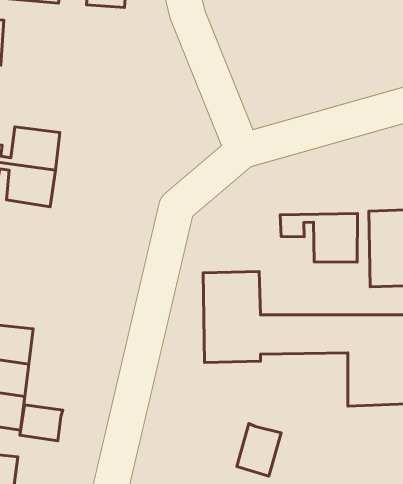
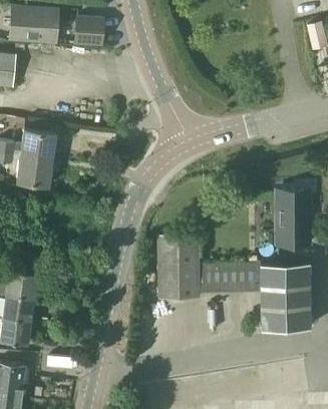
building: [280,213,357,262] -> none
building: [20,405,63,441] -> none
building: [237,423,281,476] -> none

